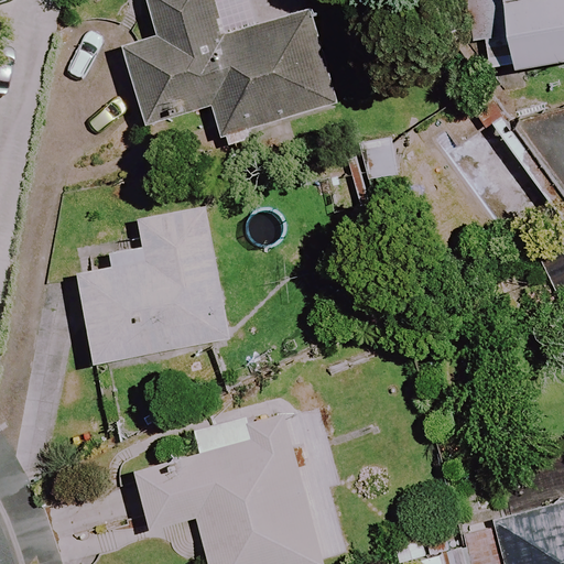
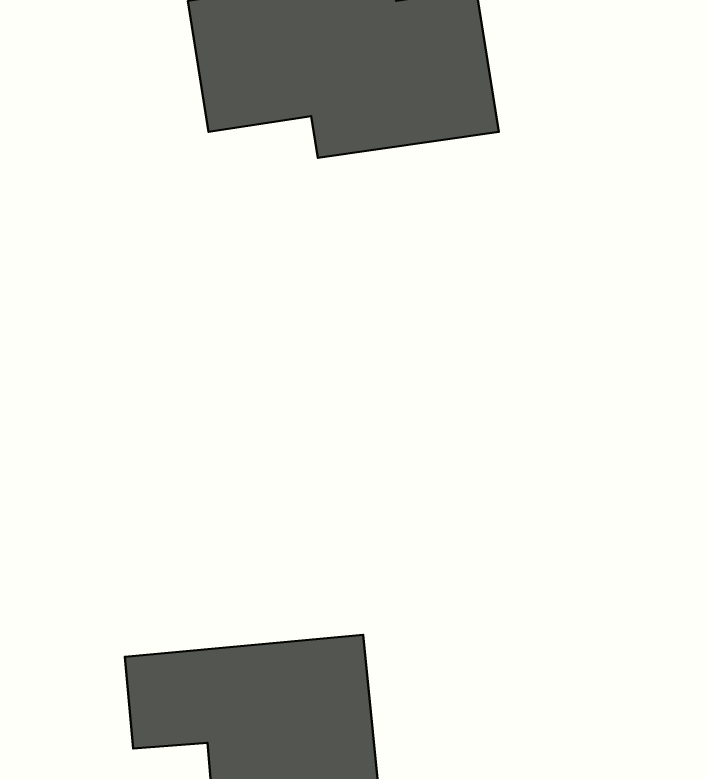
building: [78,205,231,365] -> none

